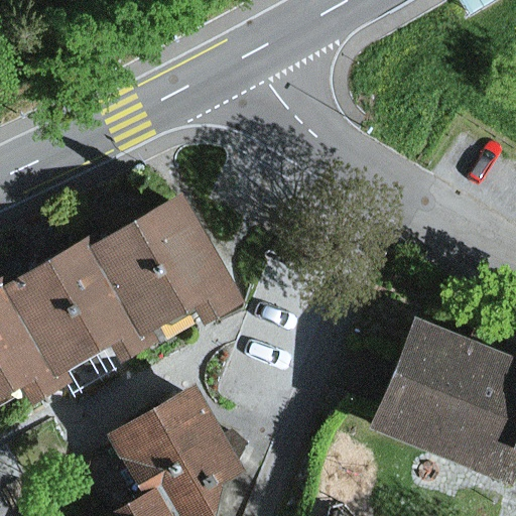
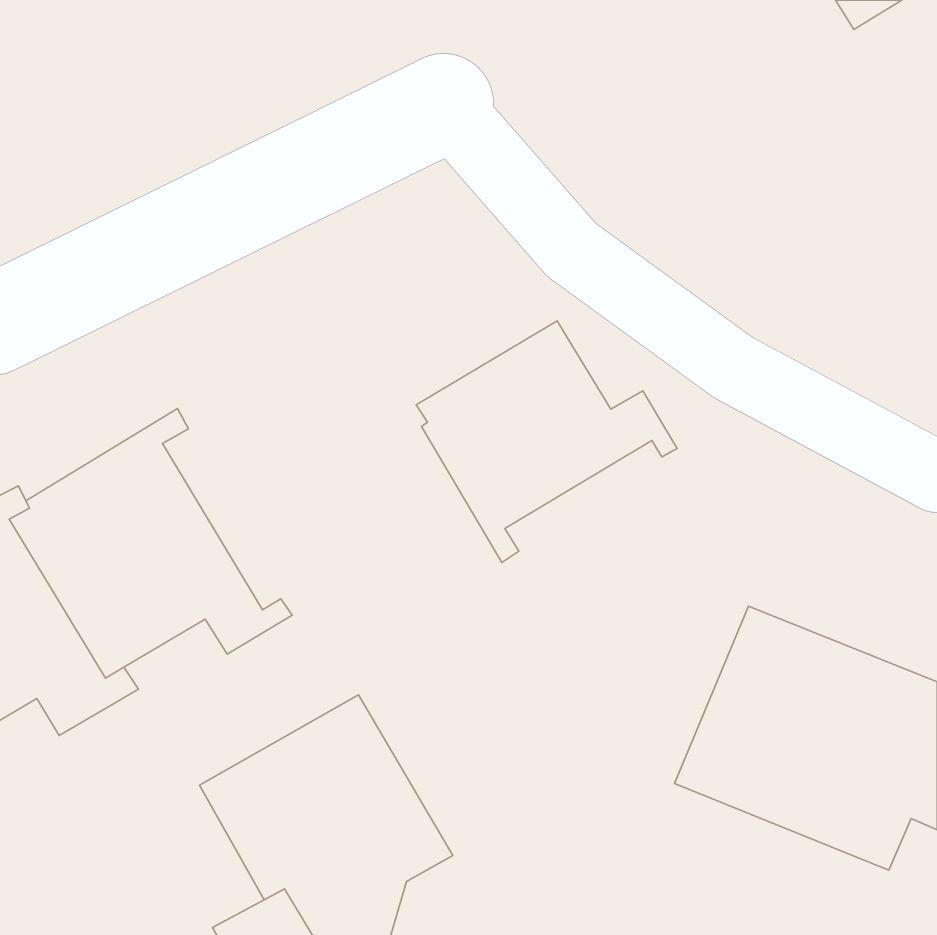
building: none -> [416,321,677,562]
building: [89,191,247,338] -> none

